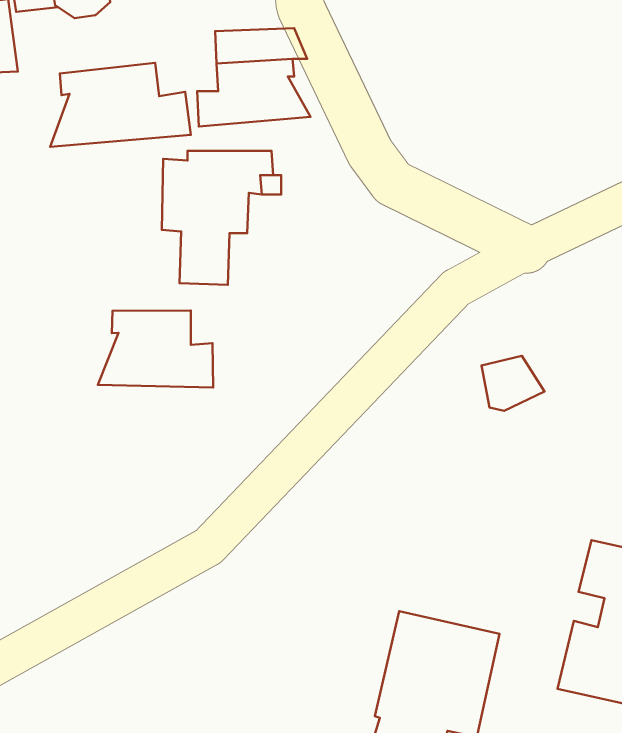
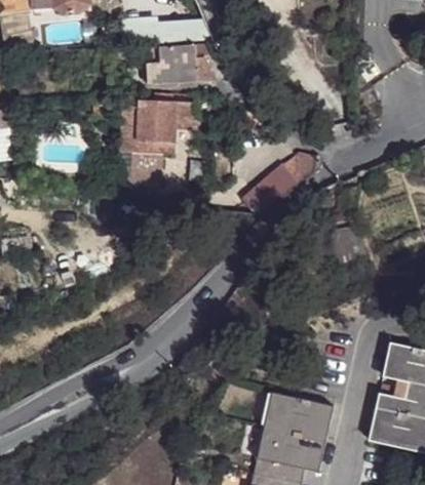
building: [50,63,191,147] -> none
building: none -> [240,149,317,213]
building: [98,311,213,387] -> none

